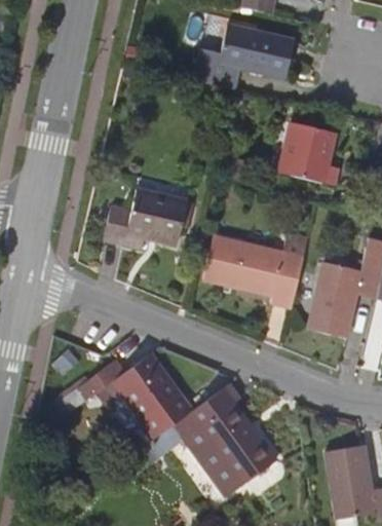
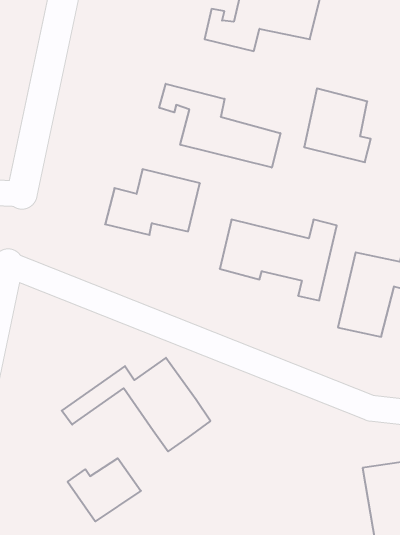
building: none -> [159,84,280,168]
building: [176,385,276,496] -> none
building: none -> [68,458,141,521]

